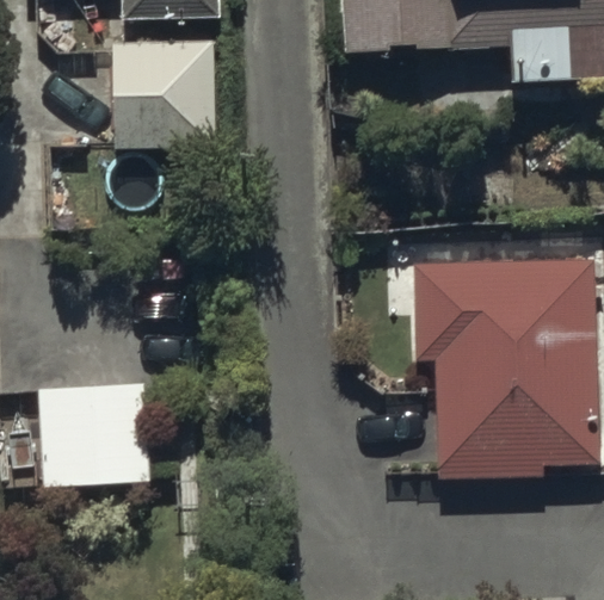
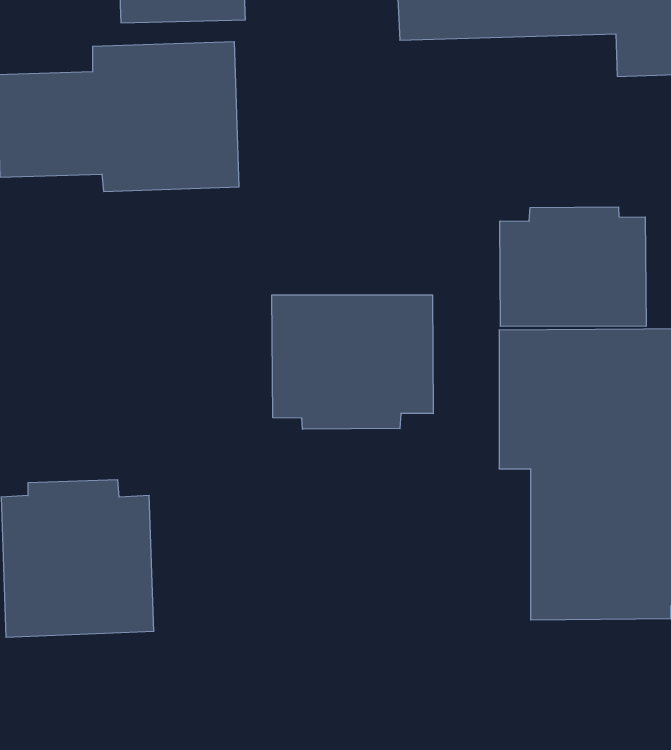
building: none -> [500,207,646,326]
building: none -> [272,295,433,429]

